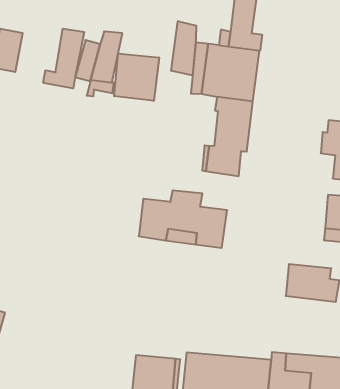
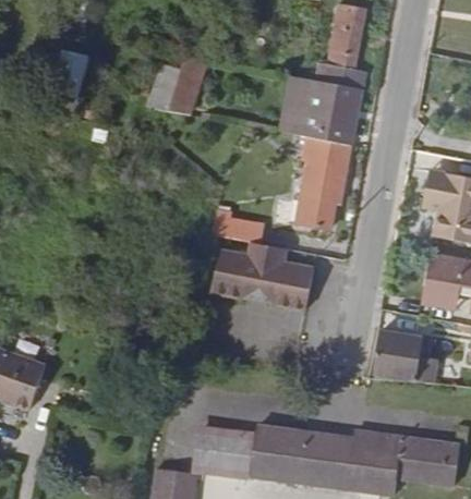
building: [171,21,196,76] -> none
building: [43,29,84,88] -> none
building: [114,54,159,101] -> none
building: none -> [210,209,254,240]

